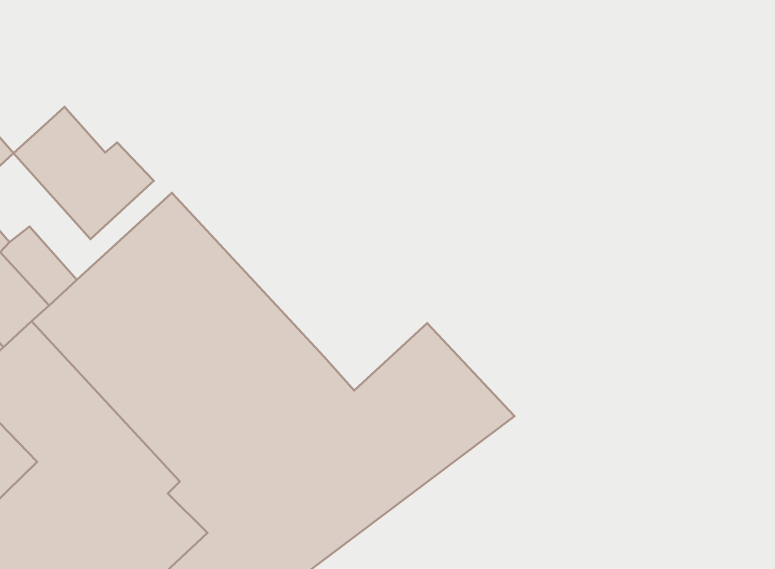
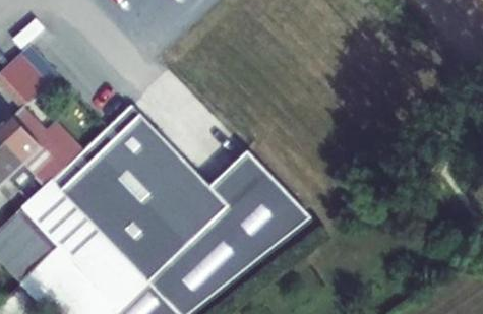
building: [14,107,154,239] -> none
building: none -> [209,155,262,207]

